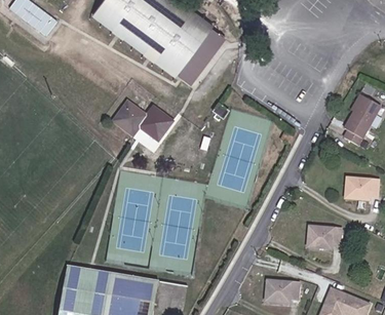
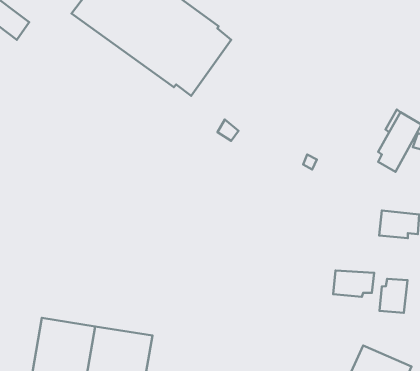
building: [113,103,171,141] -> none
building: none -> [380,279,407,313]
building: [265,280,299,303] -> none

